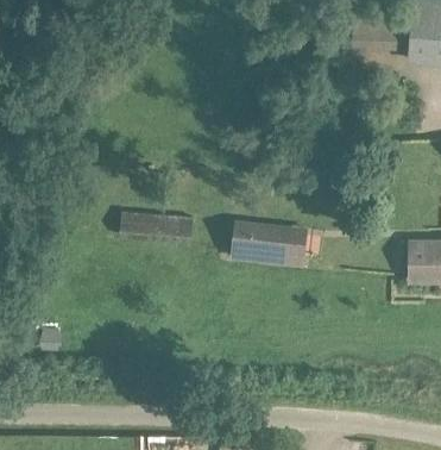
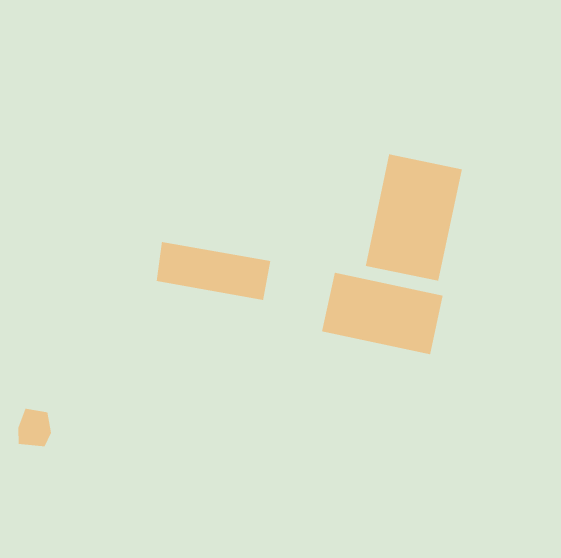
building: none -> [365,154,462,281]

